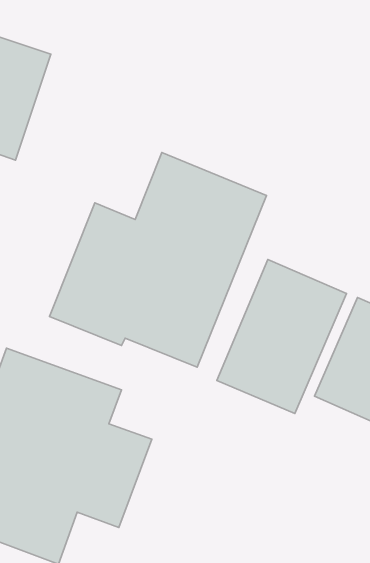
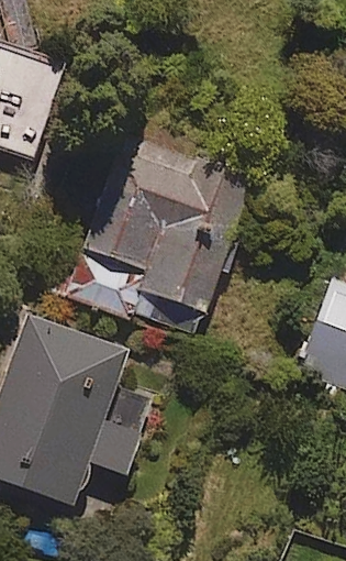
building: [217,260,347,413] -> none

